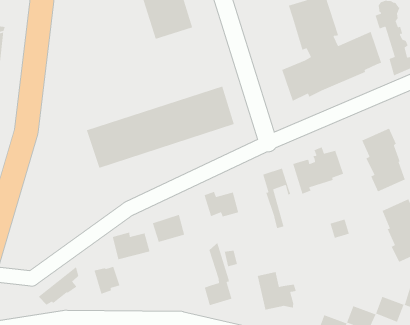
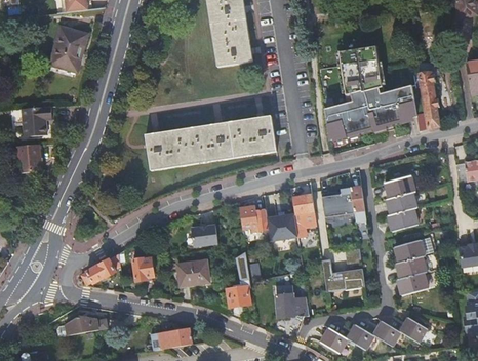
building: none -> [267,214,297,239]
building: [112,231,150,260] -> [177,262,209,285]
building: none -> [321,259,365,292]

